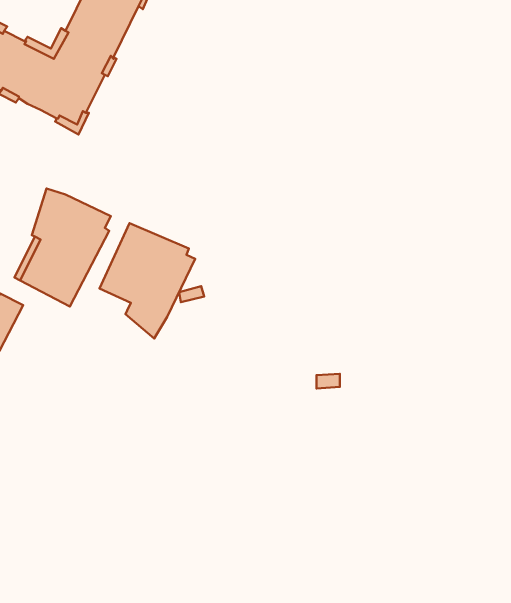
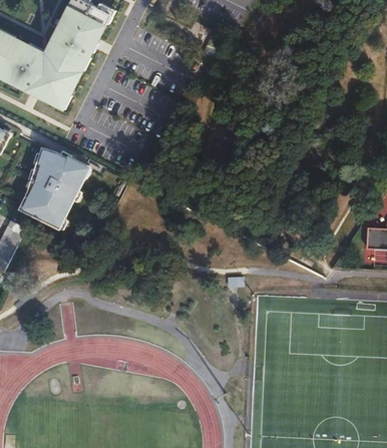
building: [100,223,195,338] -> none

